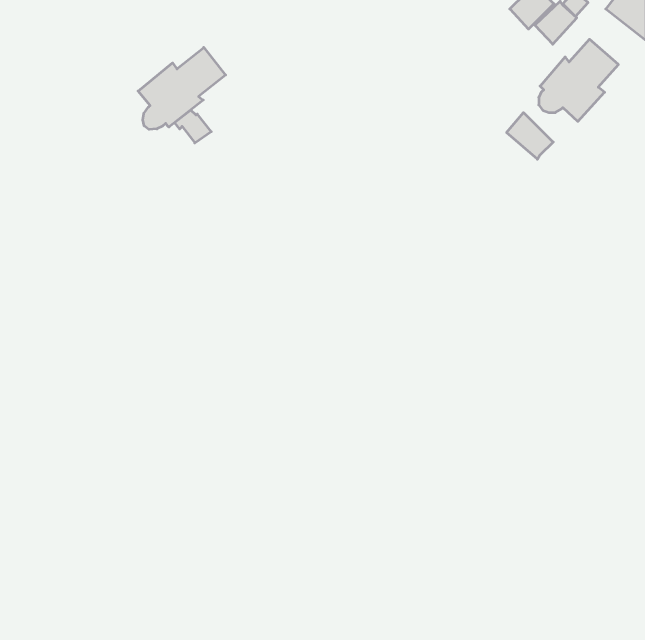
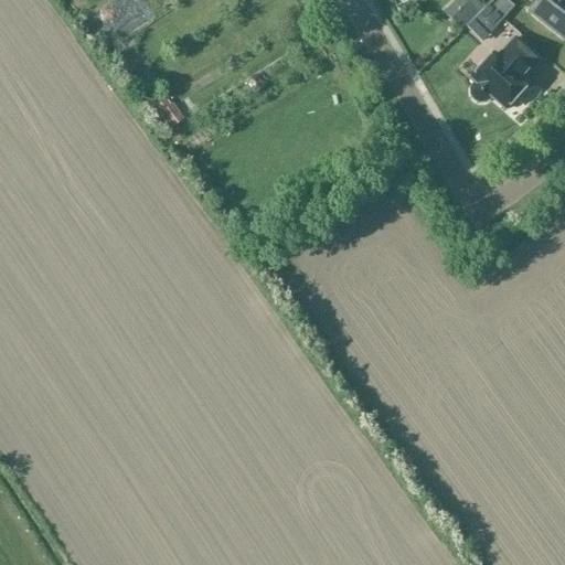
building: [138,47,226,129] -> none
building: [507,113,553,159] -> none

